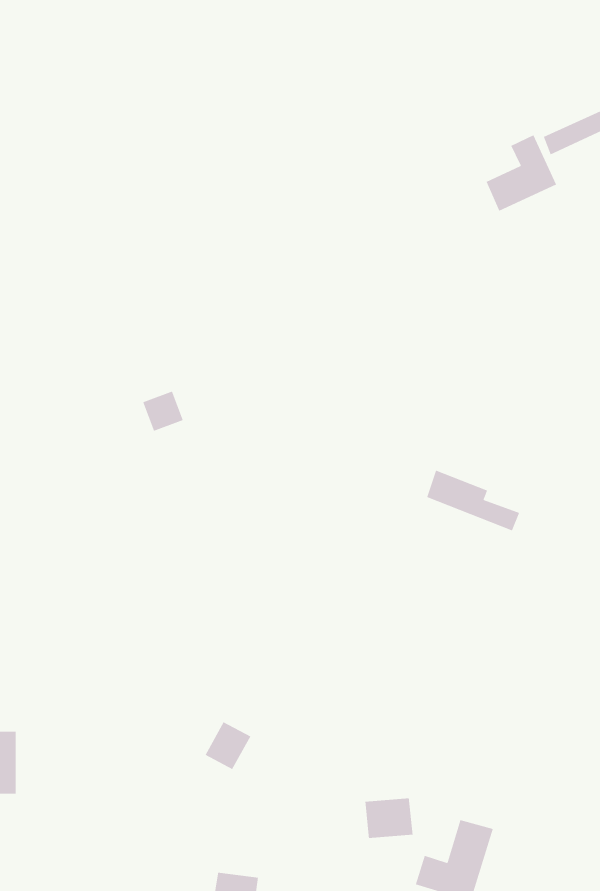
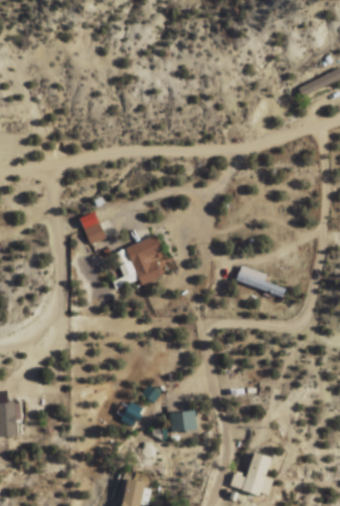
building: [486,134,557,212] -> none
building: none -> [126,234,163,285]
building: [364,797,413,839] -> [171,410,197,433]

